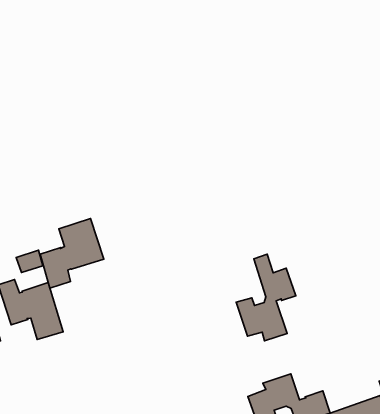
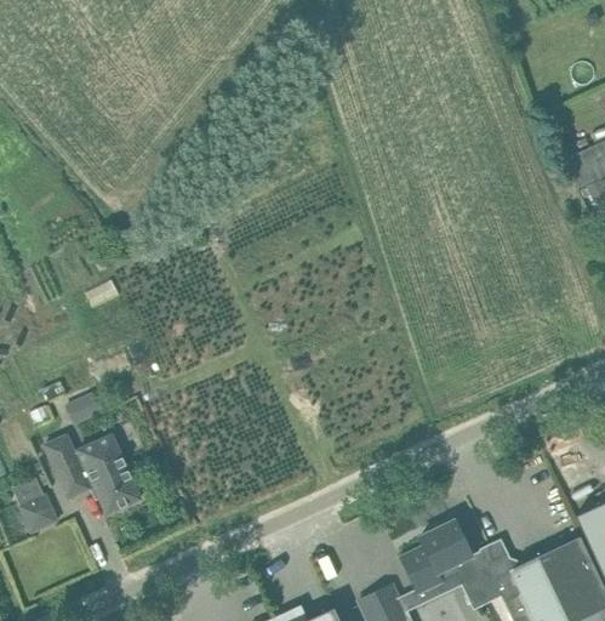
building: [40,218,104,288] -> none
building: [236,254,296,341] -> none

